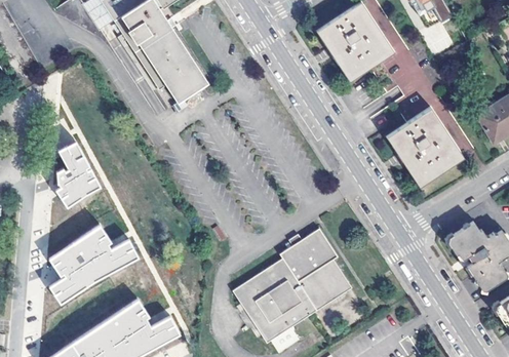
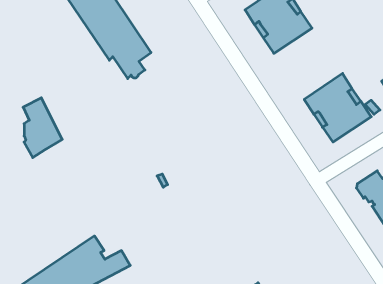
building: [48,224,139,302] -> none
building: [233,227,353,351] -> none

